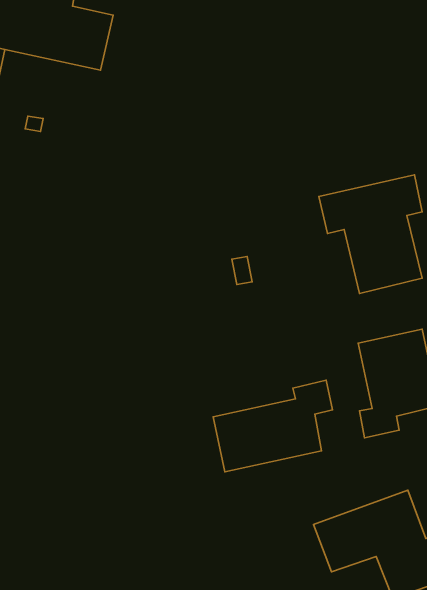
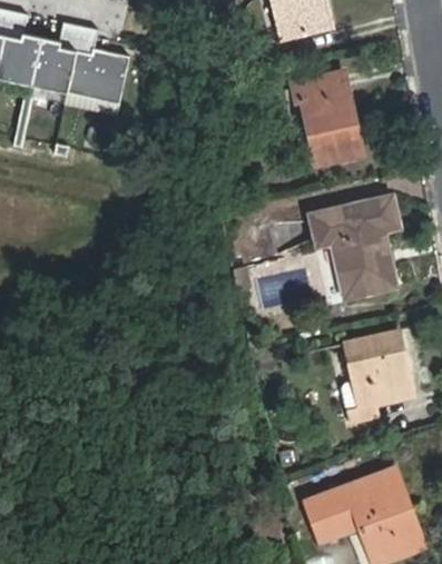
building: none -> [291,70,363,166]
building: [213,380,332,472] -> none

